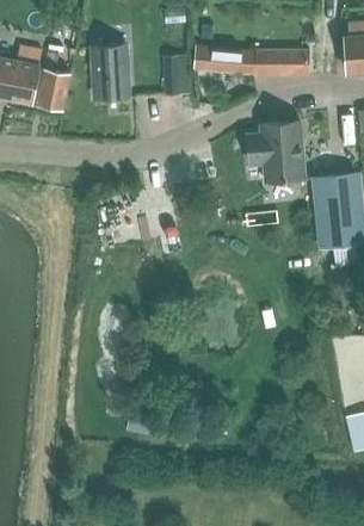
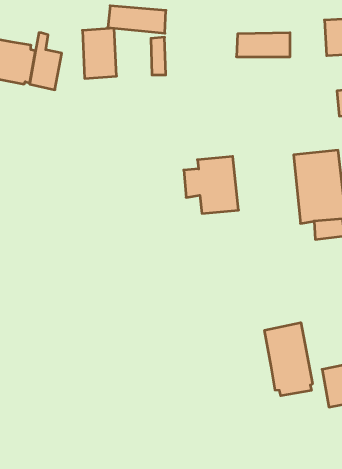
building: [193,45,254,74] -> [108,6,166,33]
building: [247,120,304,180] -> [184,156,239,213]
building: none -> [265,323,312,396]

